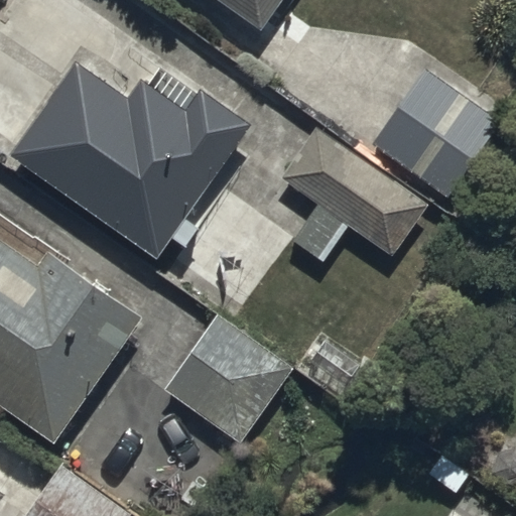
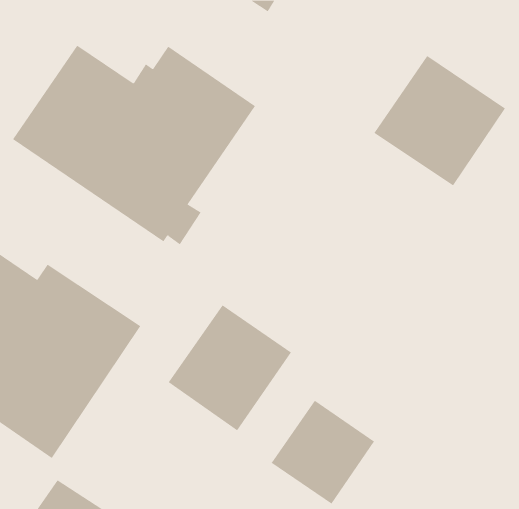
building: [279,128,424,265] -> none
building: none -> [271,400,375,504]

